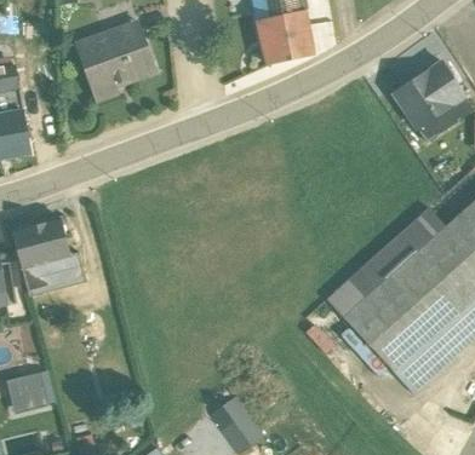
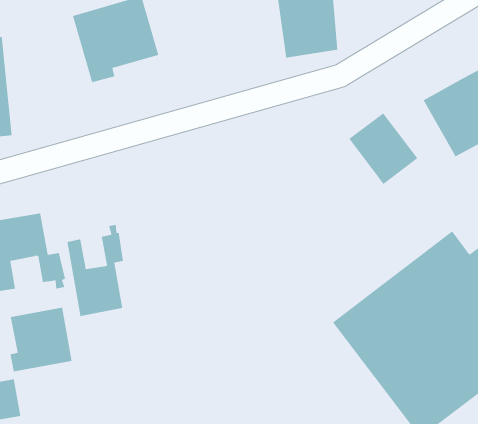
building: none -> [349,112,418,185]
building: none -> [67,224,123,317]
building: none -> [10,307,72,372]

